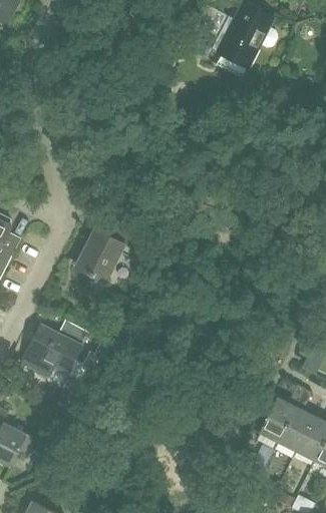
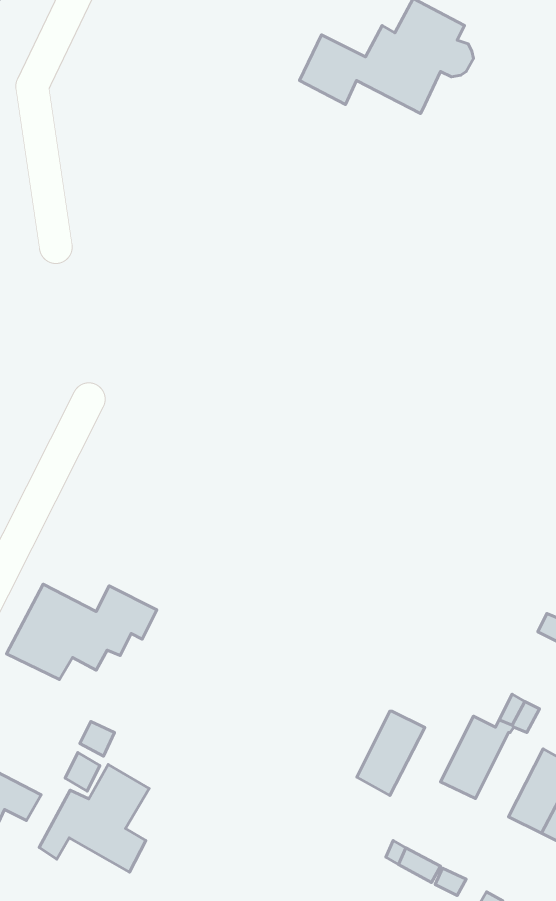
building: [76,222,151,281] -> none
building: [277,406,314,452] -> [357,711,425,795]
building: none -> [39,764,149,872]

